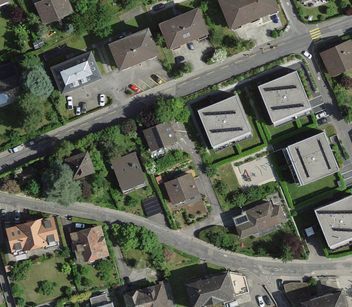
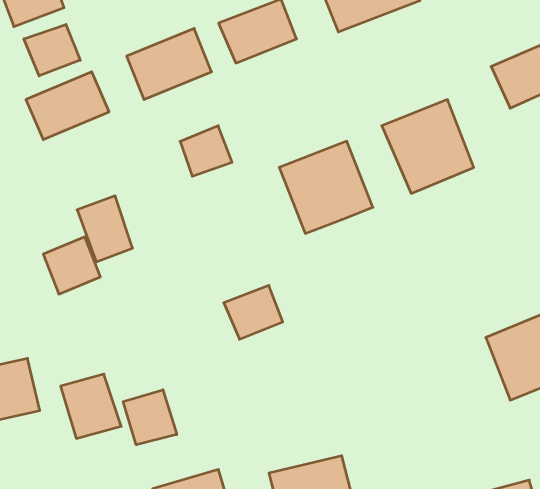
building: none -> [24,24,80,76]
building: [144,119,174,148] -> [180,126,232,176]
building: [284,130,338,184] -> none
building: [111,153,143,191] -> [77,196,133,262]
building: [236,203,286,241] -> none
building: none -> [123,390,177,445]

